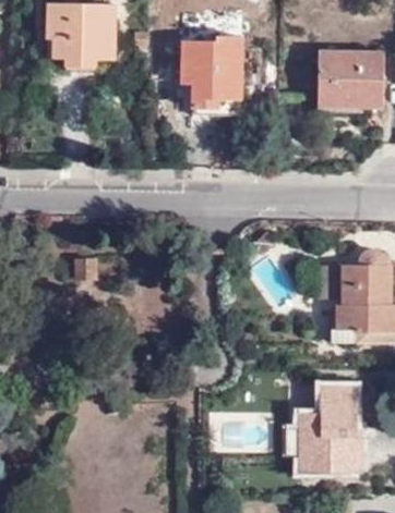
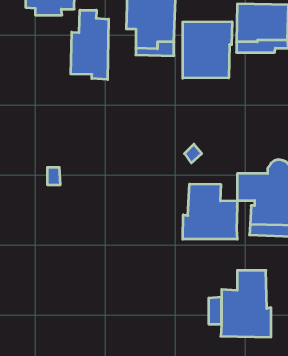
building: none -> [71,10,109,80]
building: none -> [183,22,232,78]
building: none -> [183,184,237,239]

